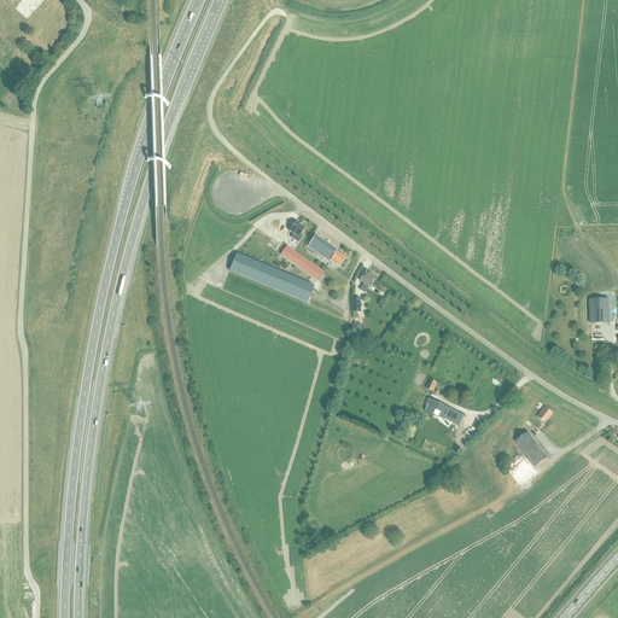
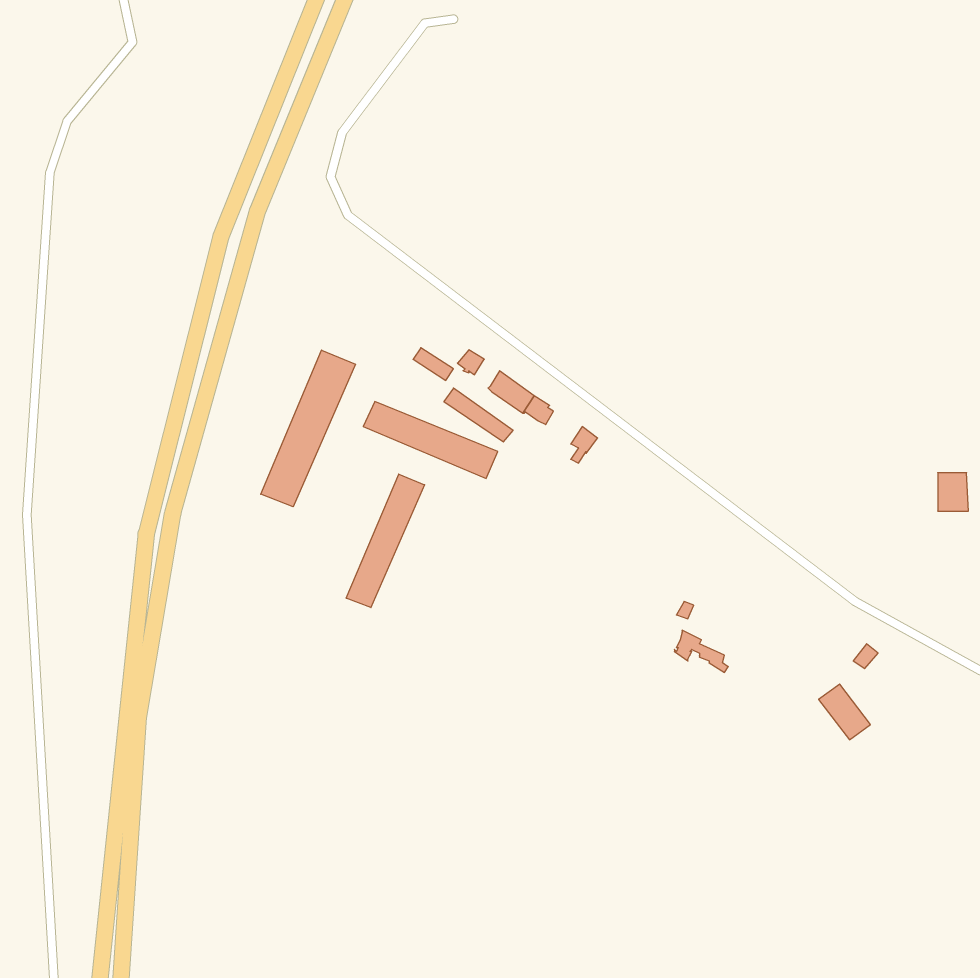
building: none -> [261,350,356,507]
building: none -> [346,474,425,608]

